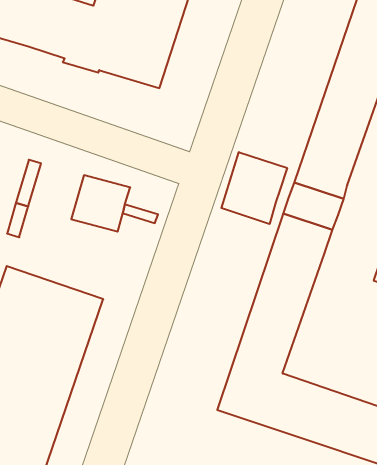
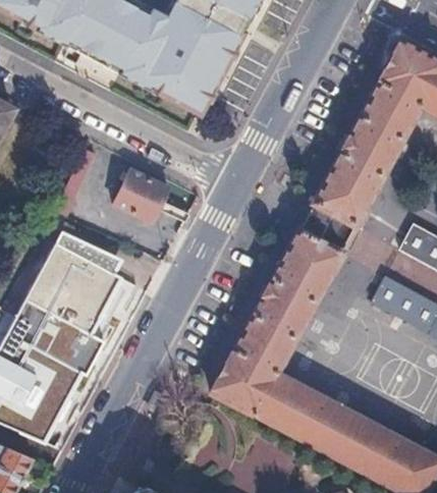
building: [221,152,287,224] -> none

